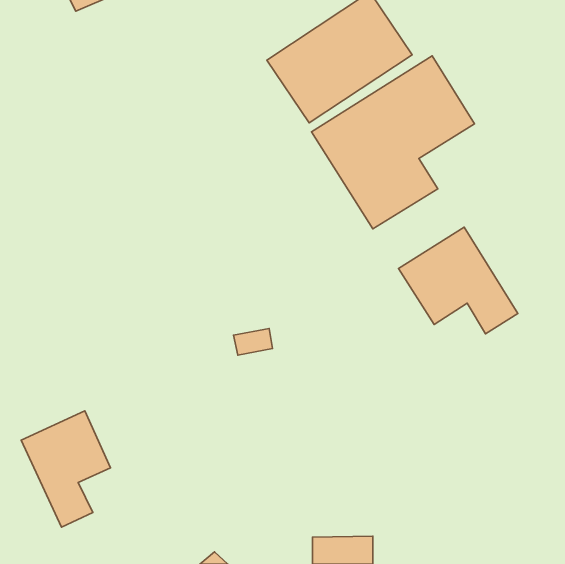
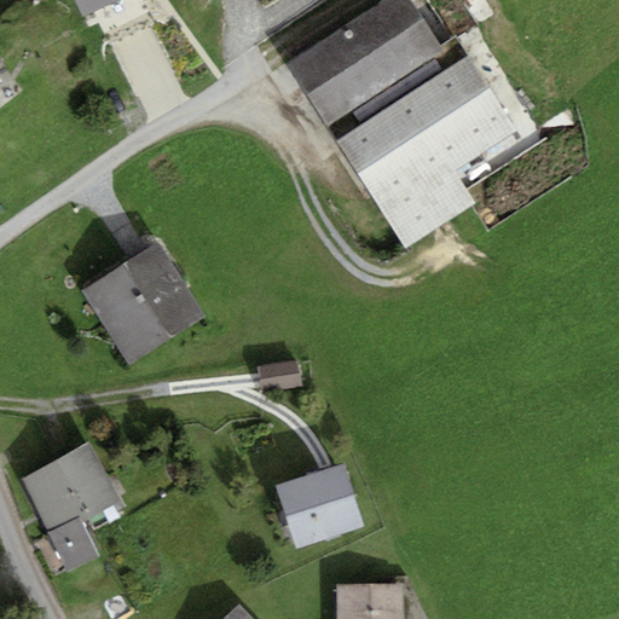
building: none -> [81,241,203,360]
building: [399,227,518,334] -> none
building: none -> [274,462,361,542]

